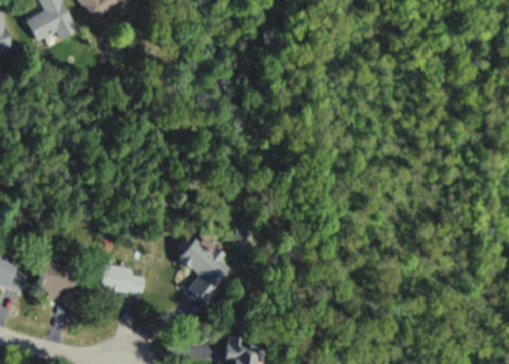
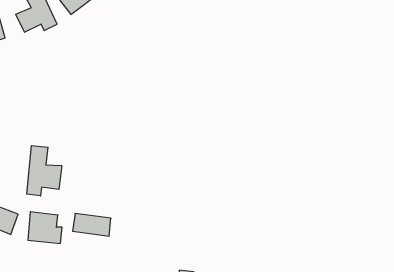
building: none -> [27,146,62,196]
building: [178,237,230,305] -> none

